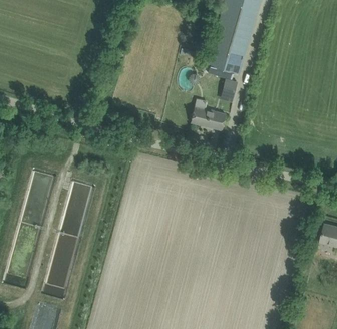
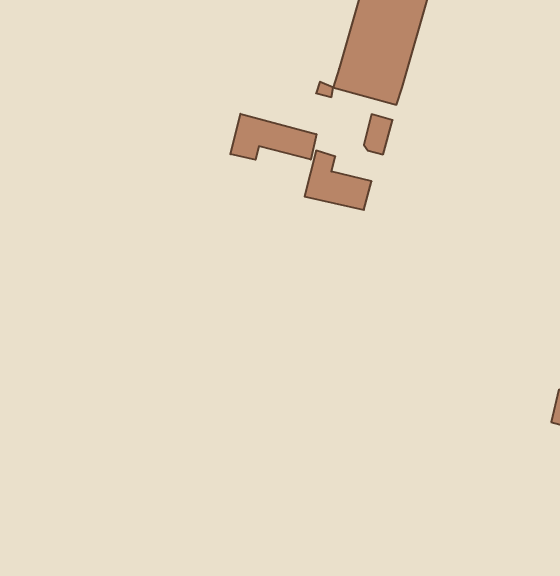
building: none -> [230,114,316,160]

